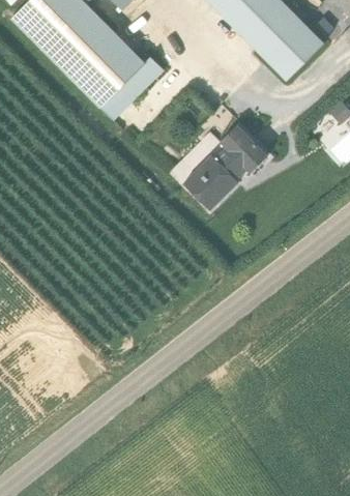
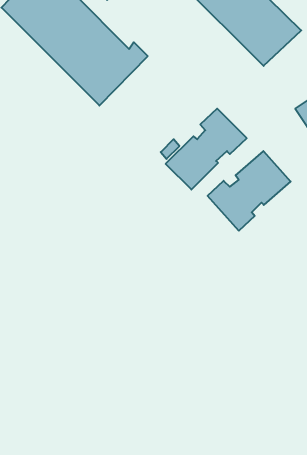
building: none -> [208,151,291,231]

